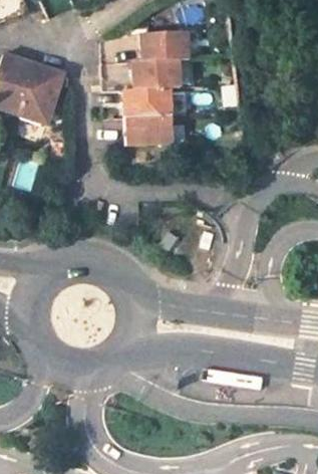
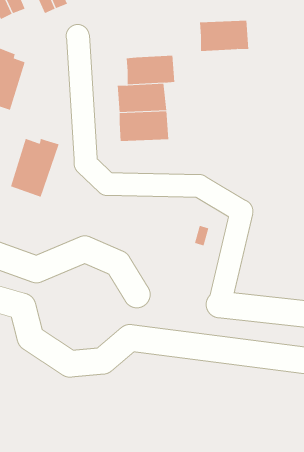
building: [140,29,191,60] -> [199,20,249,51]
building: [16,65,65,125] -> [10,138,59,197]

